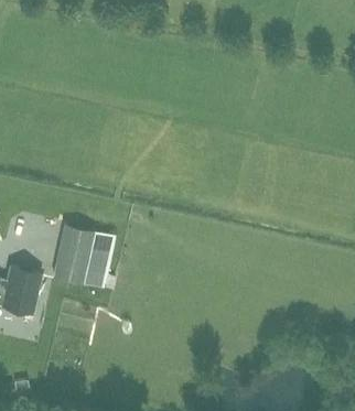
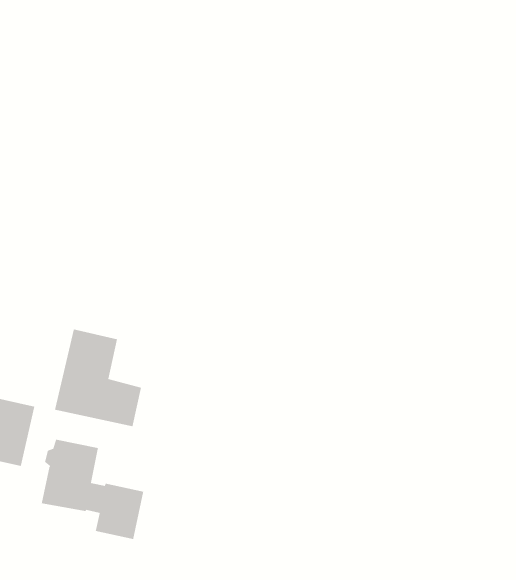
building: none -> [41,439,144,540]

